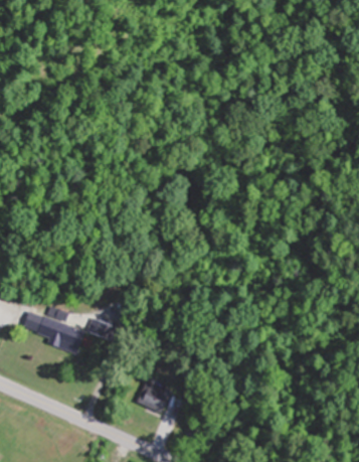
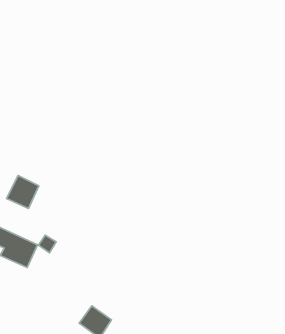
building: none -> [6,176,39,208]

